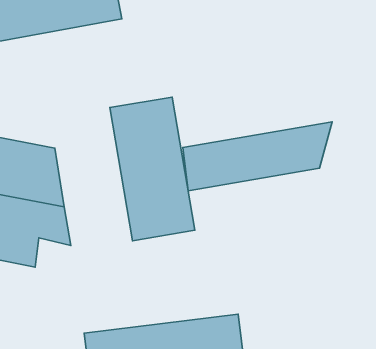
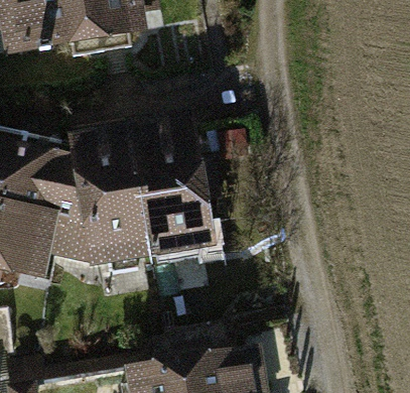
building: none -> [55,122,144,275]
building: [183,122,332,191] -> none

